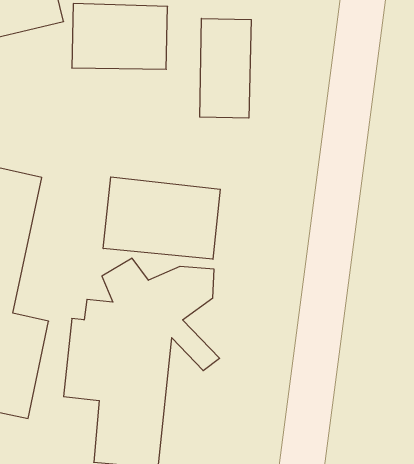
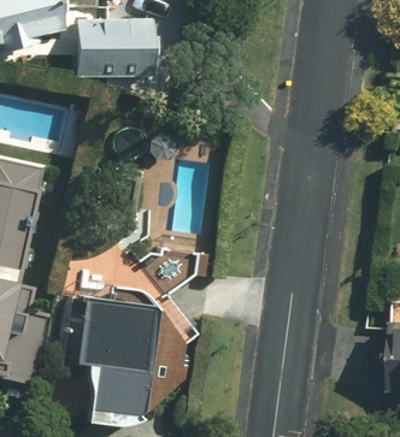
building: [200,18,251,118] -> none
building: [103,177,220,259] -> none

